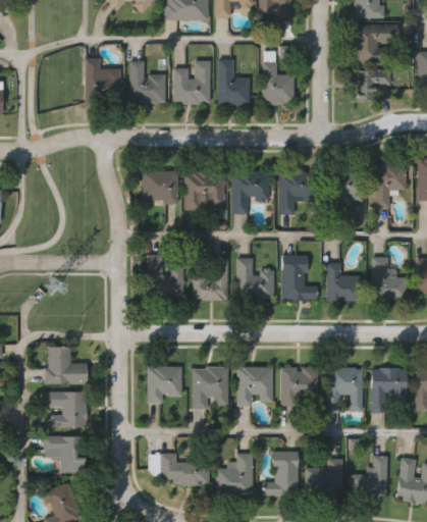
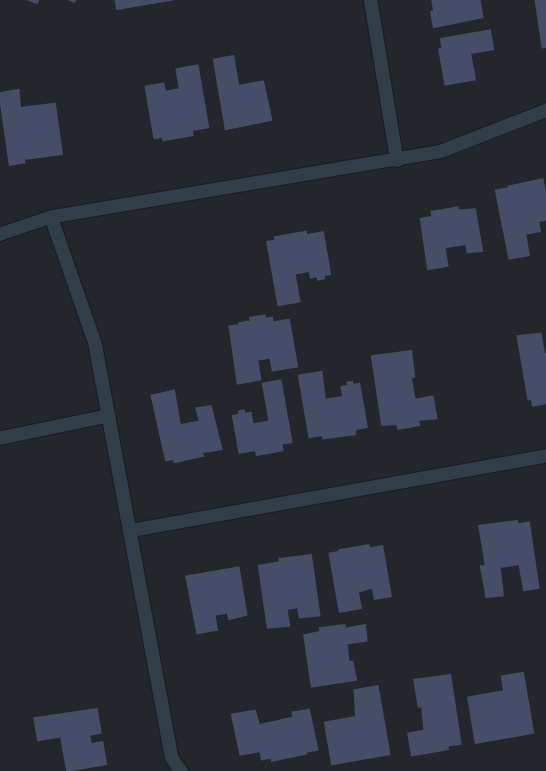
building: [130,59,165,103] -> none
building: [263,61,295,103] -> none
building: [183,171,223,211] -> [228,314,299,385]
building: [278,171,315,215] -> none
building: [143,172,177,204] -> none
building: [326,264,361,302] -> none
building: [44,347,85,383] -> none
building: [280,366,317,405] -> none
building: [41,392,85,425] -> none
building: none -> [302,623,368,689]

